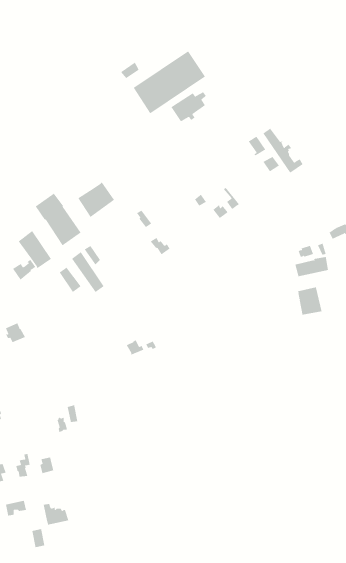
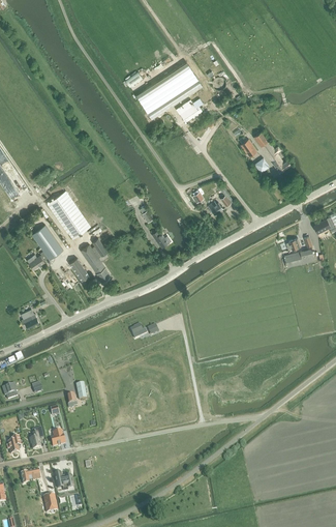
building: [78,181,115,218] -> none
building: [297,286,322,316] -> none

